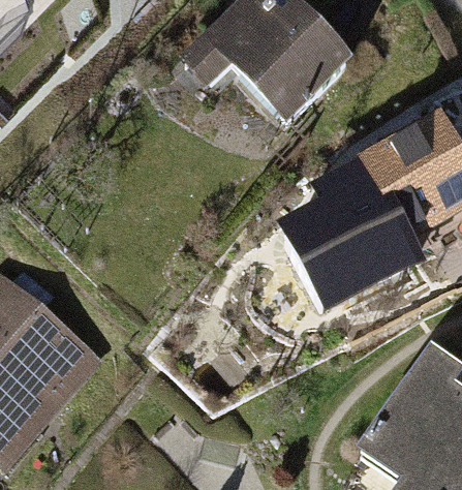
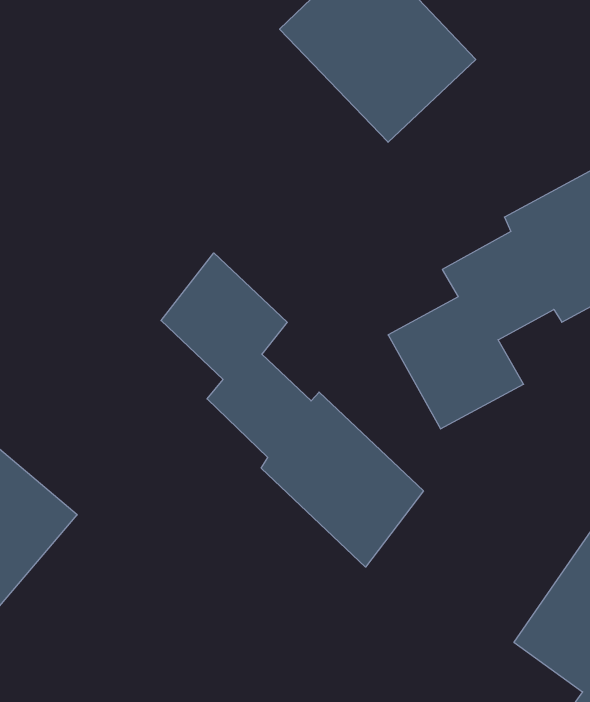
building: none -> [161,253,423,567]

